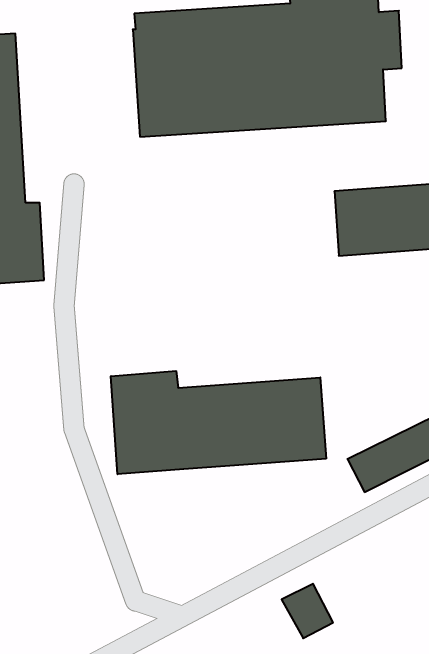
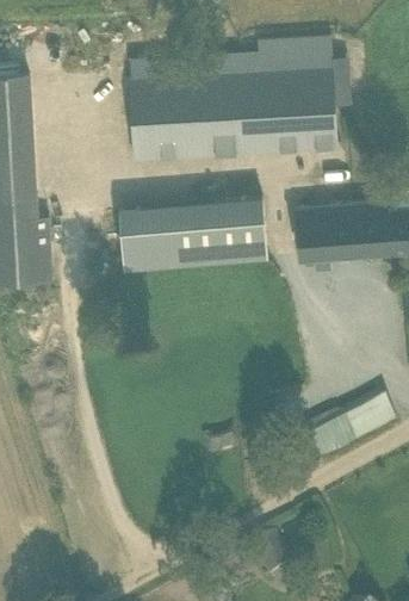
building: none -> [118,199,267,271]
building: [111,371,326,474] -> none

